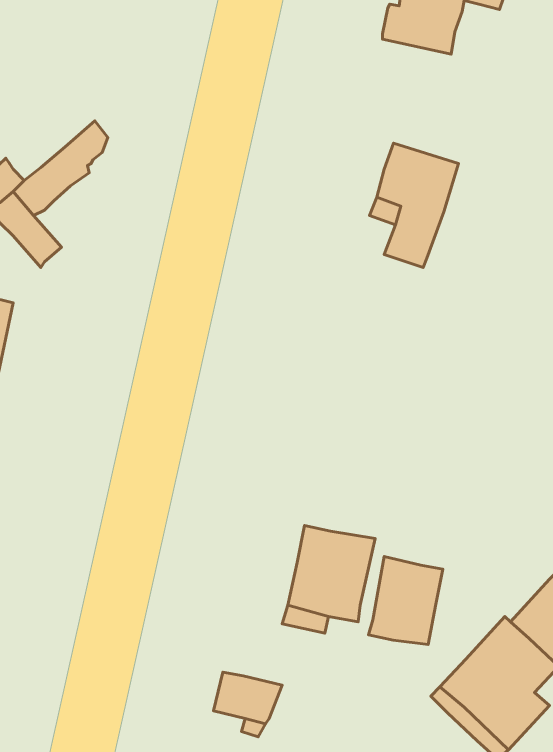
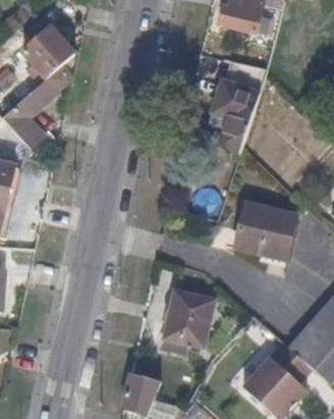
building: none -> [19,30,73,85]
building: none -> [236,203,297,261]
building: [368,556,443,644] -> none

